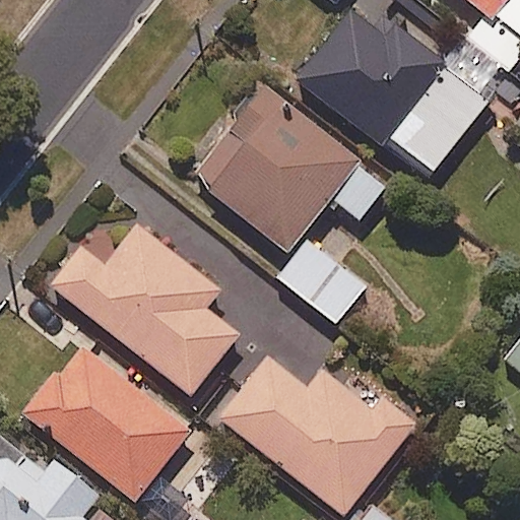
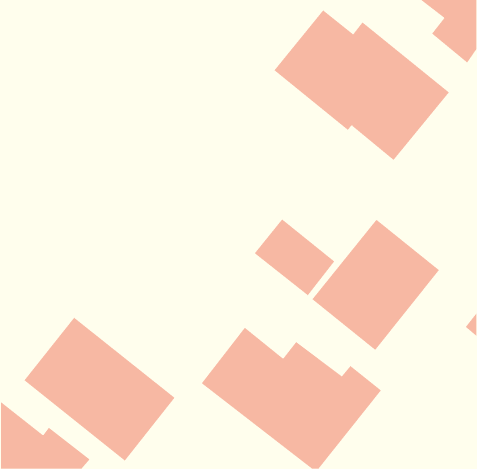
building: [190,83,387,251] -> none
building: [50,225,240,396] -> none
building: none -> [312,219,440,351]

